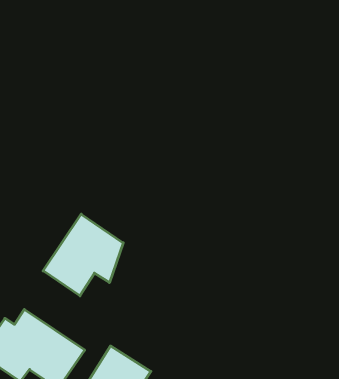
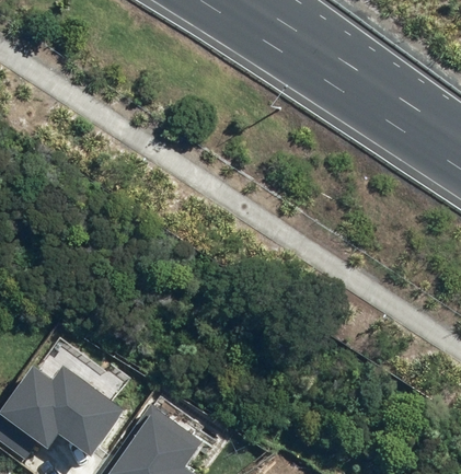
building: [43,214,123,296] -> none

